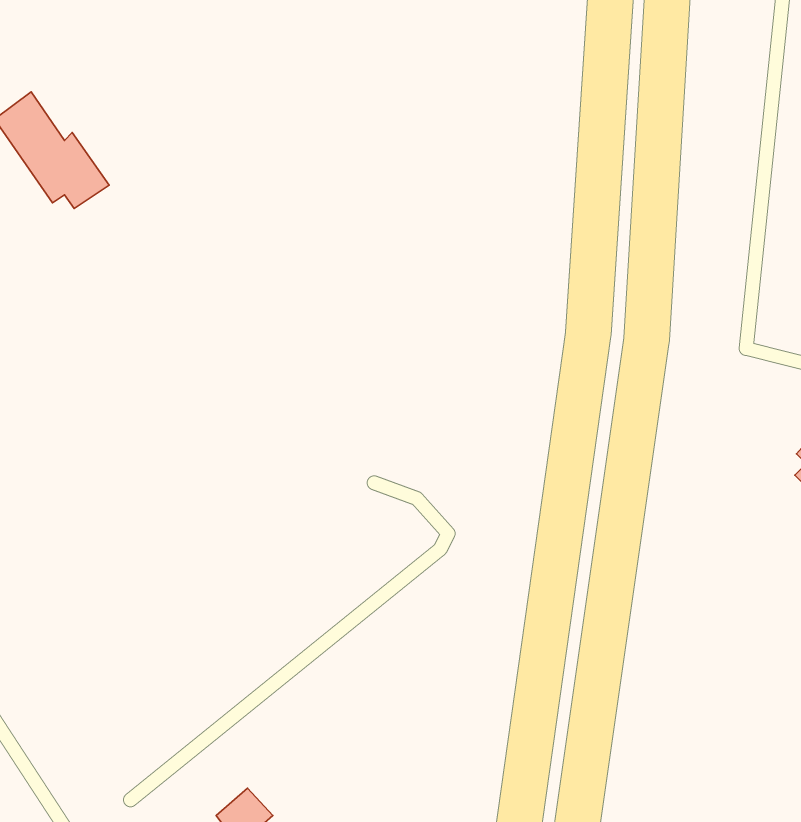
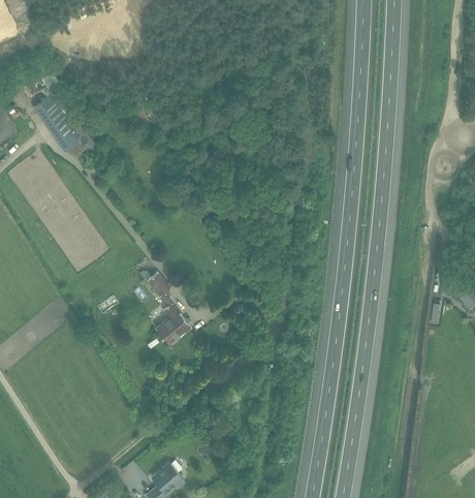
building: none -> [148,273,192,349]

